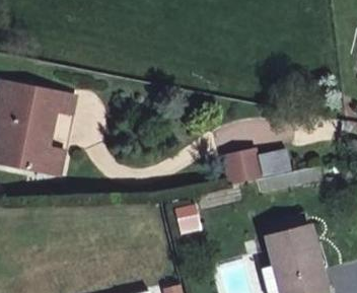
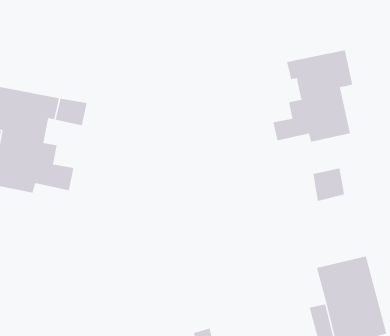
building: none -> [273,49,353,142]
building: [235,151,270,182] -> none

